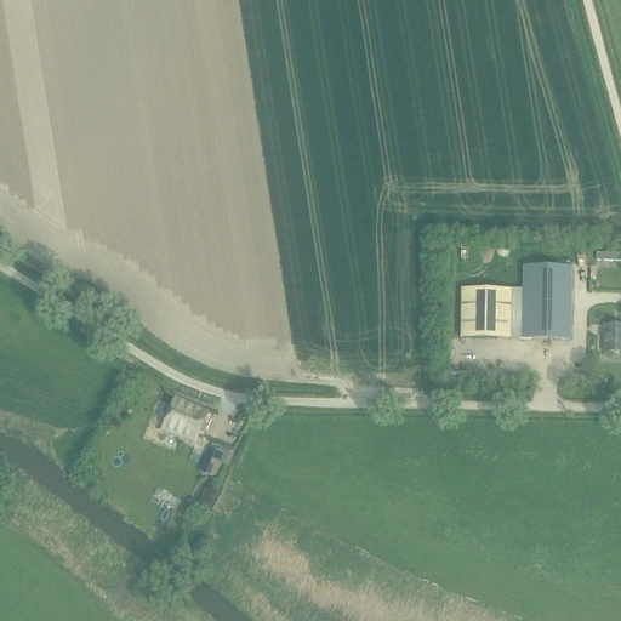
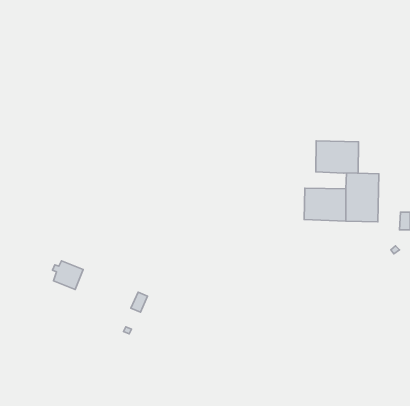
building: none -> [316,141,359,173]
building: [161,394,207,438] -> [53,261,83,290]

